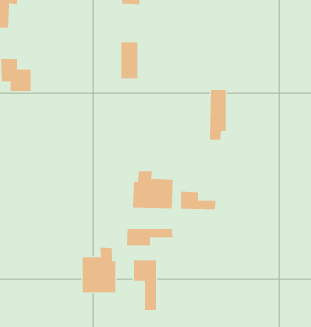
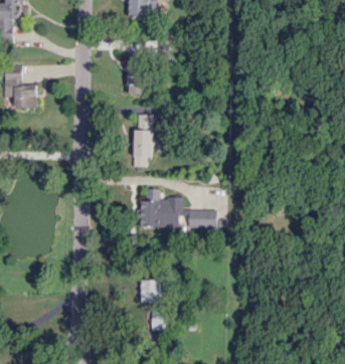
building: [209,89,227,140] -> [134,115,152,167]
building: [127,228,173,246] -> none
building: [82,247,116,293] -> none

